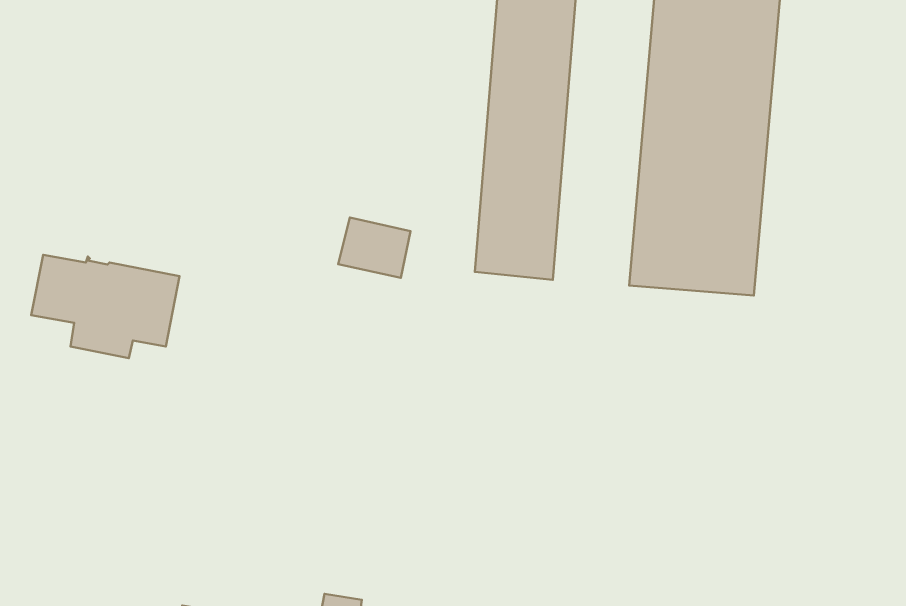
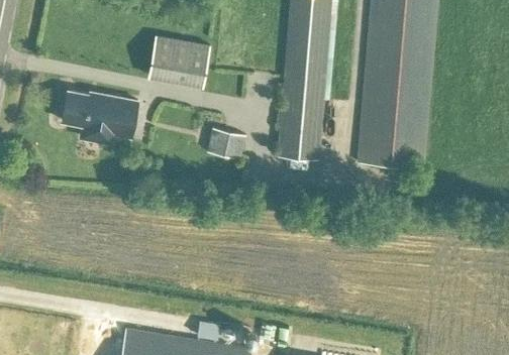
building: none -> [147,35,209,85]
building: [31,255,180,358] -> [61,90,137,143]

